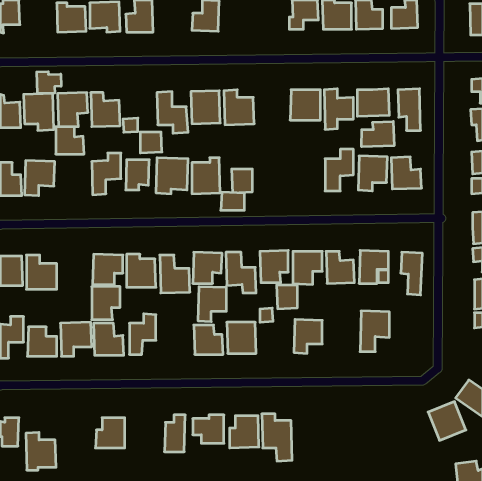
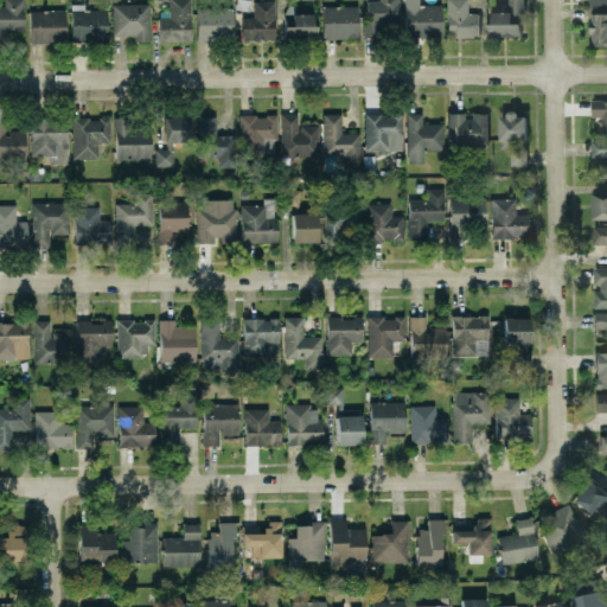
building: none -> [322,7,359,40]
building: none -> [198,9,234,40]
building: none -> [31,11,68,45]
building: none -> [285,15,315,39]
building: [37,72,61,94] -> none
building: none -> [324,115,362,162]
building: [362,121,394,147] -> none
building: [56,127,84,154] -> [76,209,111,243]
building: [140,132,162,153] -> [165,119,192,145]
building: none -> [368,205,404,243]
building: [221,192,244,210] -> [325,217,354,239]
building: [277,285,297,309] -> [337,417,363,447]
building: [92,287,120,320] -> [77,321,113,363]
building: [198,287,226,322] -> [203,404,238,448]
building: none -> [496,398,532,441]
building: none -> [410,407,449,446]
building: none -> [452,519,492,556]
building: none -> [498,519,538,566]
building: none -> [417,520,447,566]
building: none -> [372,522,410,564]
building: none -> [164,525,200,567]
building: [26,432,56,470] -> [79,524,117,571]

